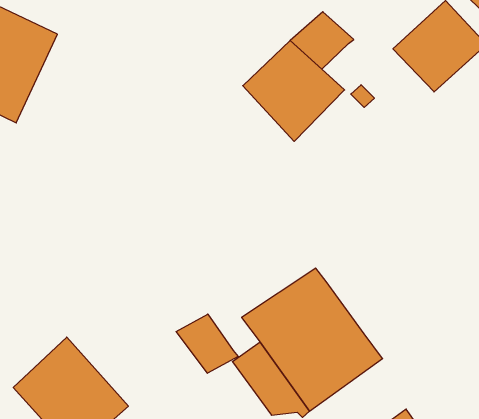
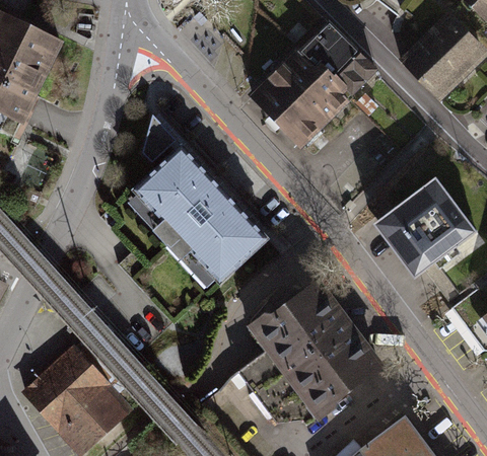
building: none -> [327,54,373,99]
building: none -> [123,115,270,292]
building: none -> [369,175,474,276]
building: [176,314,238,373] -> none

